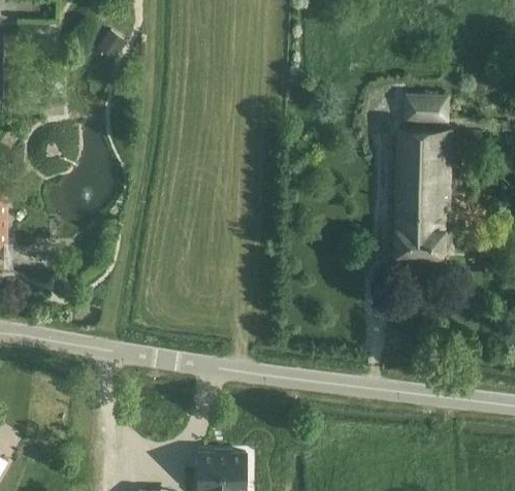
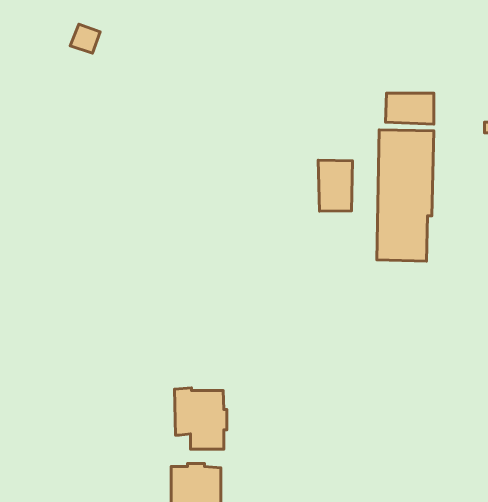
building: none -> [318,160,352,211]
building: none -> [175,388,227,449]

